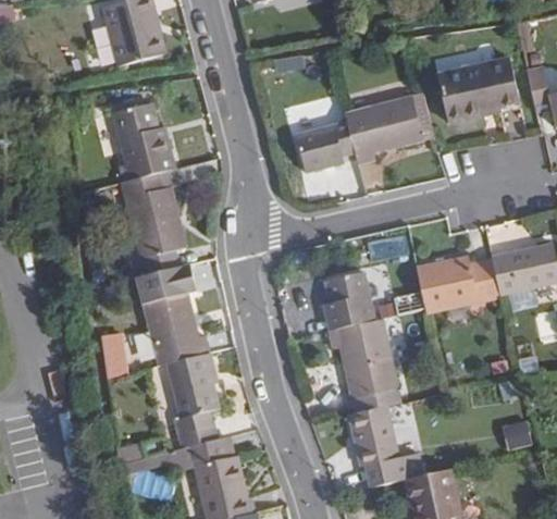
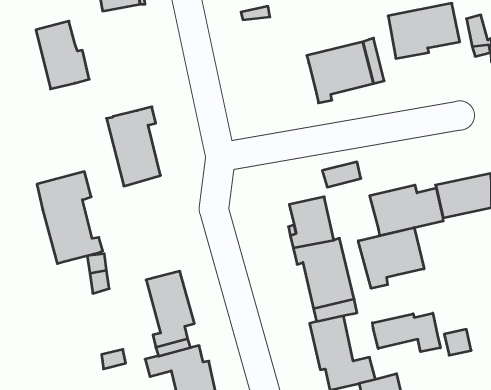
building: [112,103,172,180] -> [36,21,89,89]
building: [294,120,356,171] -> none
building: [135,262,209,366] -> [37,172,103,264]
building: none -> [358,227,424,288]
building: none -> [372,313,440,352]

